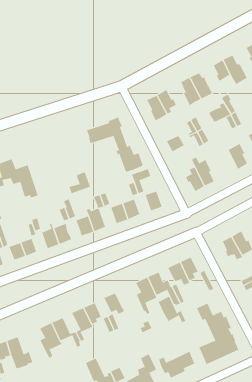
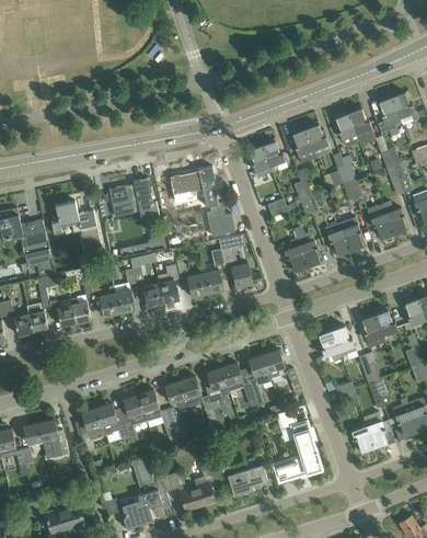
building: none -> [109,179,160,219]
building: none -> [326,222,350,254]
building: [158,296,186,323] -> [181,376,212,411]

